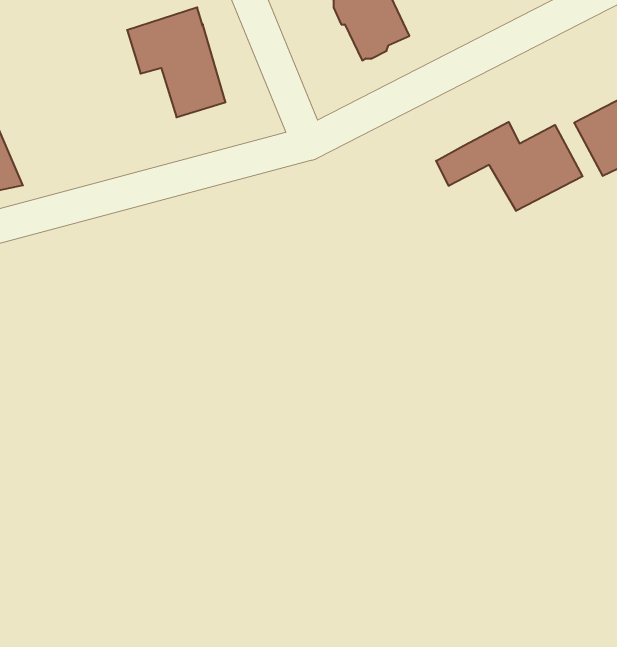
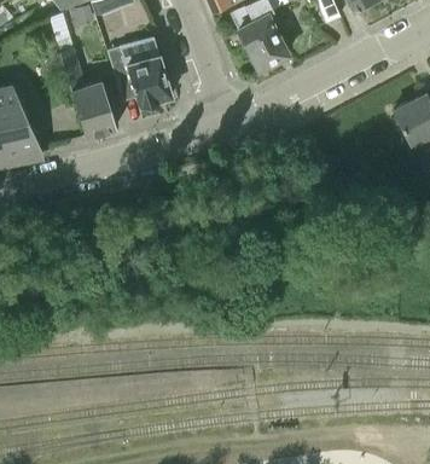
building: none -> [60,47,117,137]
building: [436,122,583,211] -> none

